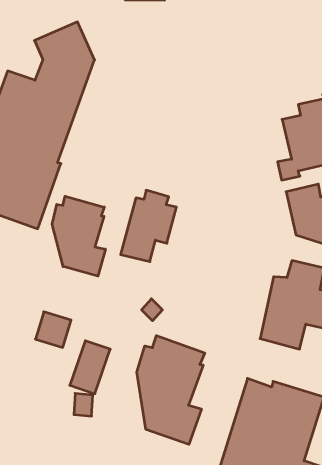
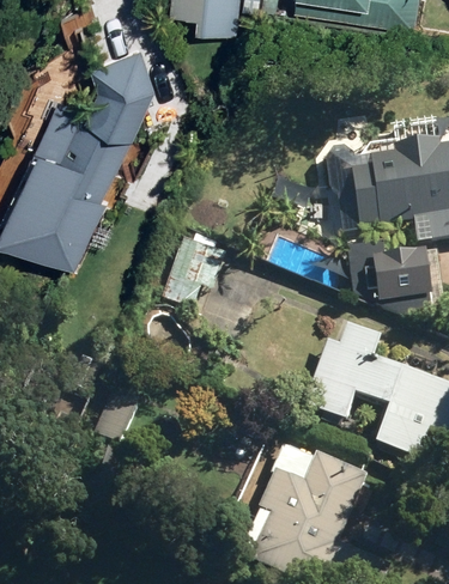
building: [52,196,105,276] -> none
building: [137,336,205,444] -> none

